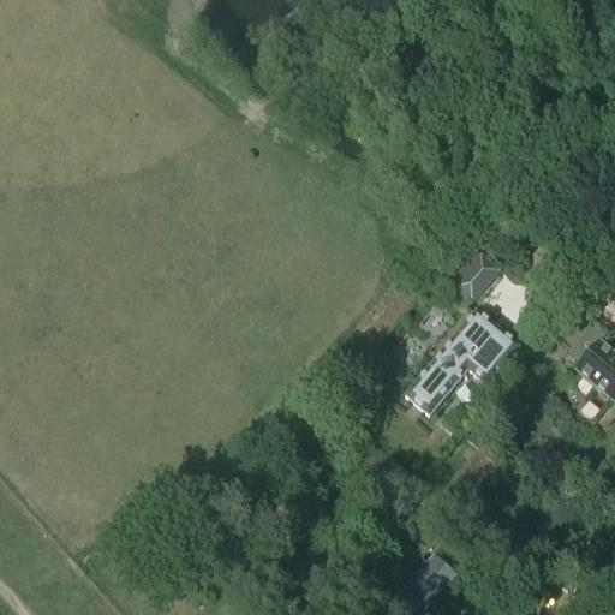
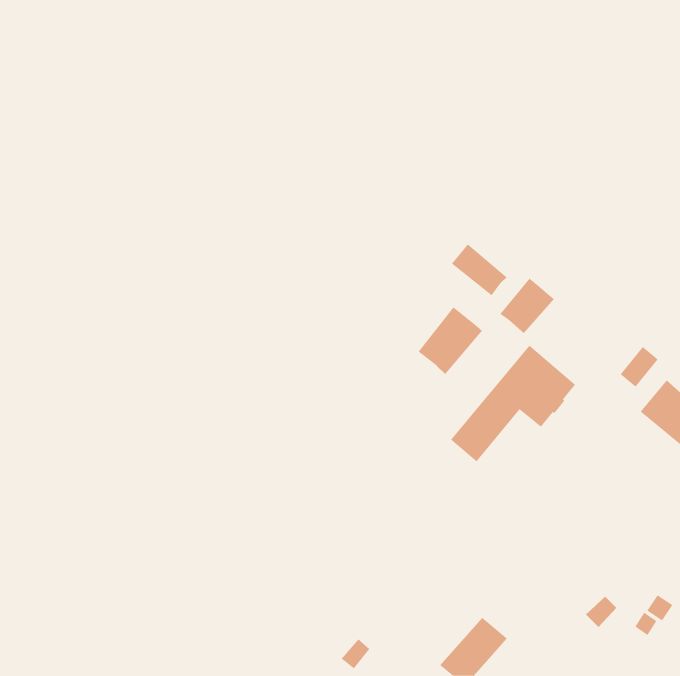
building: none -> [451,244,507,296]
building: none -> [418,306,483,375]

